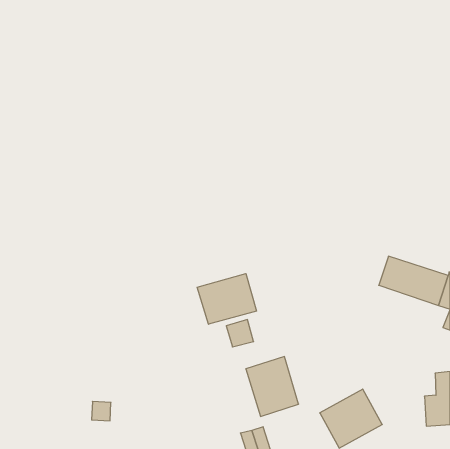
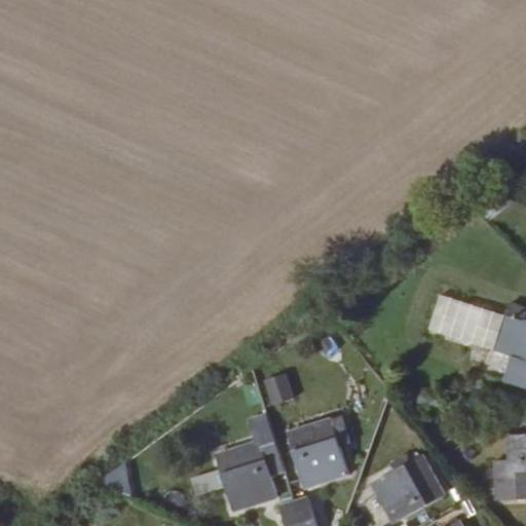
building: [197,274,257,324] -> none
building: none -> [215,440,276,510]

